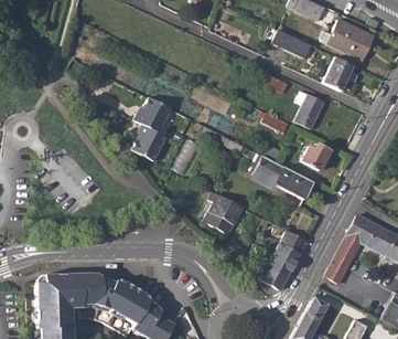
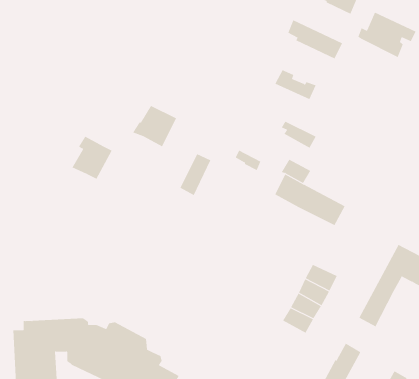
building: [322,56,358,89] -> none
building: [294,91,323,128] -> none
building: [132,124,166,160] -> [72,136,112,179]
building: [300,144,331,170] -> none
building: [202,192,241,235] -> none

